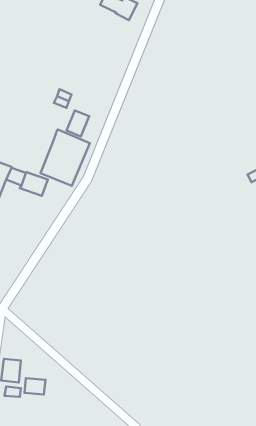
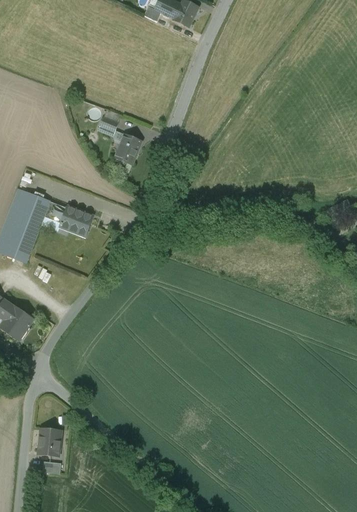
building: [41,130,90,186] -> none
building: [25,378,45,395] -> none

